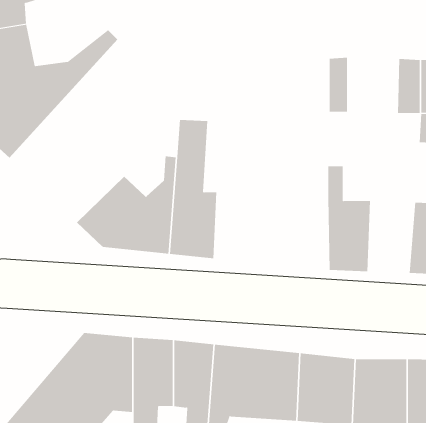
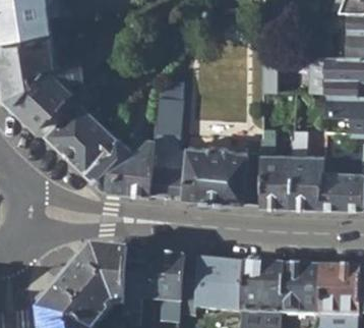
building: none -> [47,99,119,170]
building: none -> [290,131,322,206]
building: none -> [182,146,262,204]

